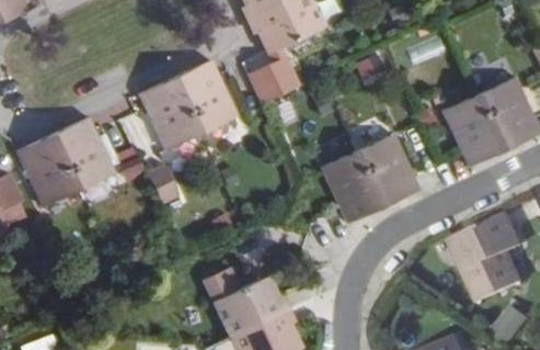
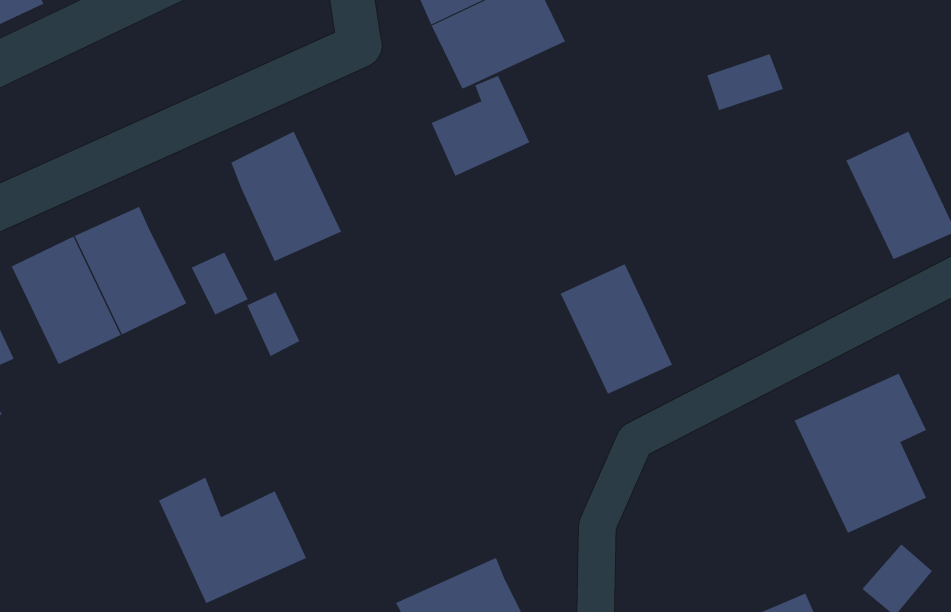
building: [174,60,237,133] -> none
building: [443,93,505,166] -> none
building: [357,134,420,206] -> none
building: [204,268,286,338] -> [158,477,307,604]

